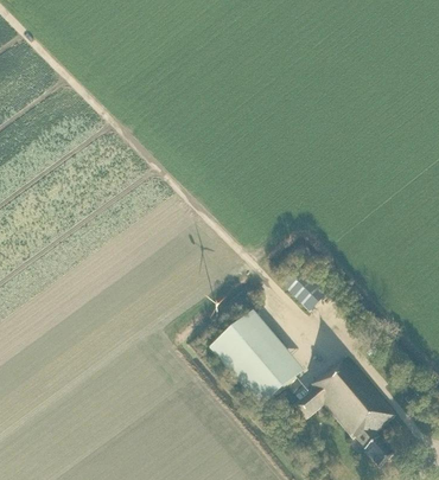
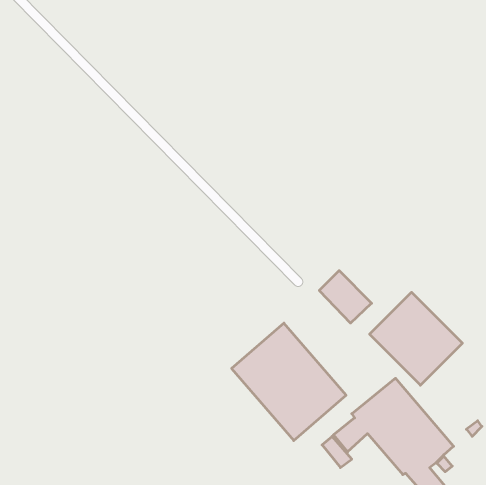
building: none -> [370,292,462,385]

